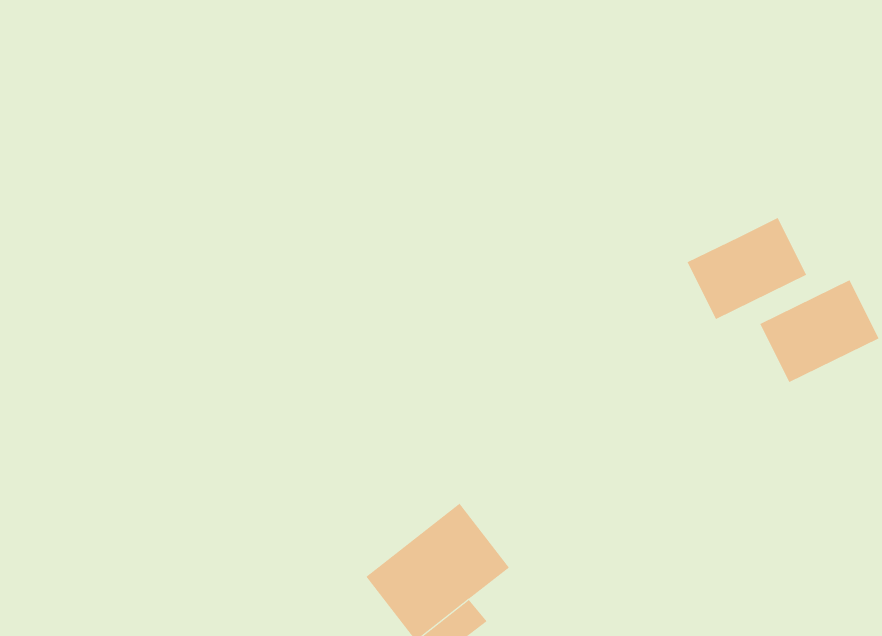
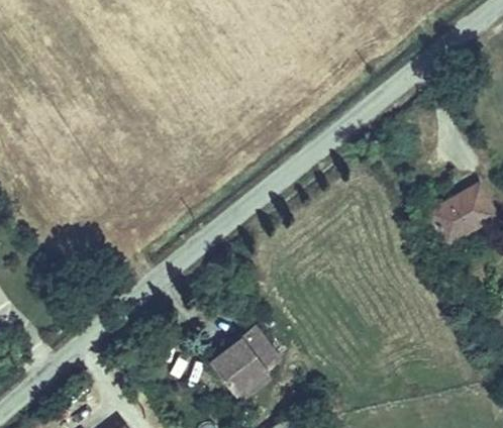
building: [687,217,807,320] -> none

